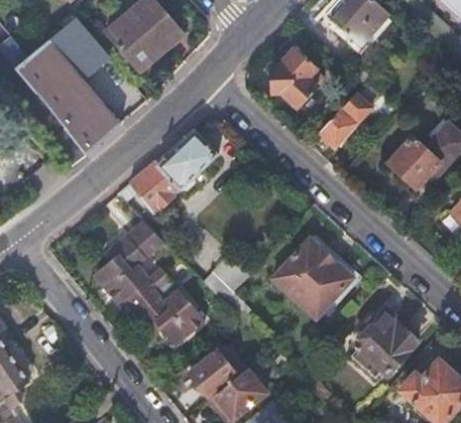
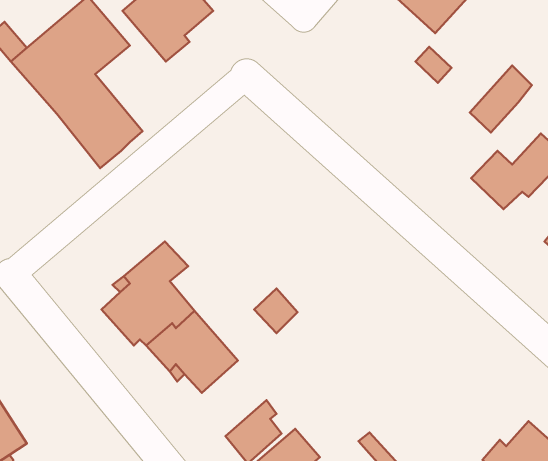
building: [271,49,325,109] -> none
building: [319,96,369,150] -> [470,65,532,132]
building: [132,130,219,206] -> none
building: [274,241,352,319] -> none
building: [353,311,417,376] -> none

